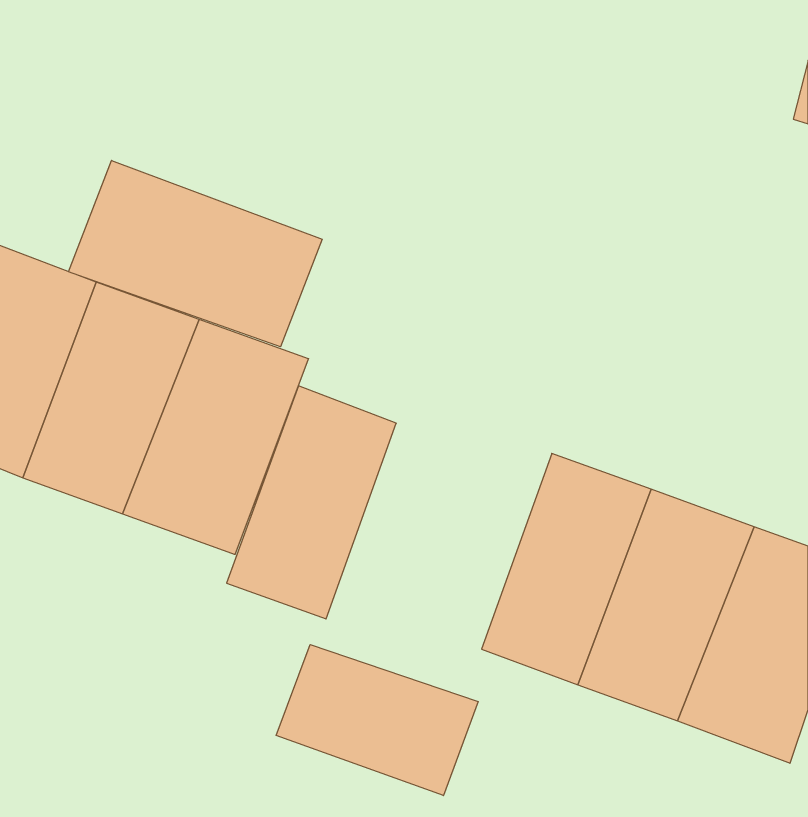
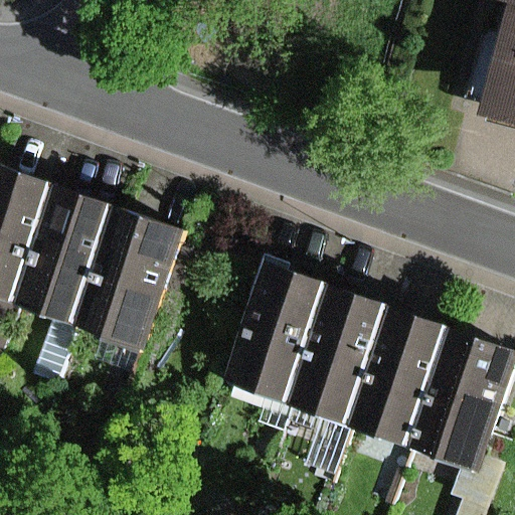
building: [69,160,322,347] -> none
building: [227,386,396,619] -> [235,267,340,410]
building: [276,645,478,796] -> none

